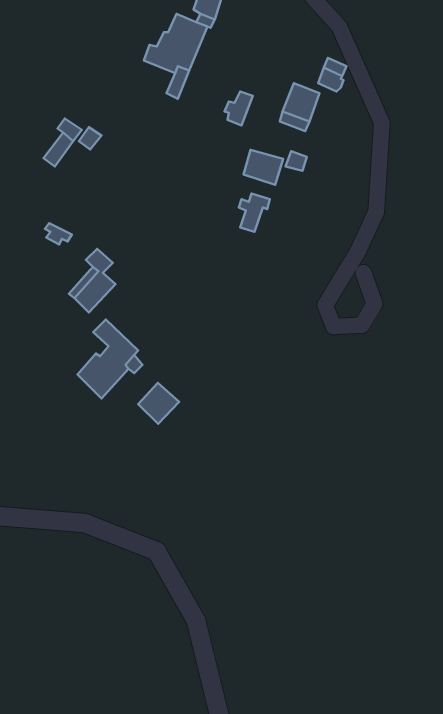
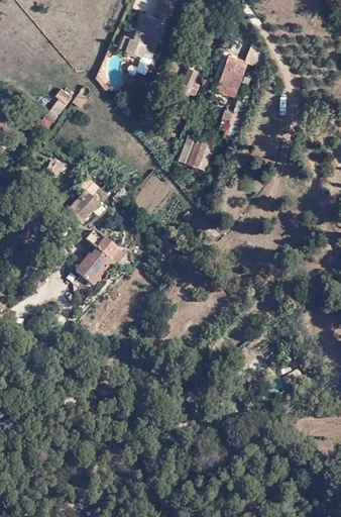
building: [244,150,283,185] -> none
building: [138,383,179,424] -> none

